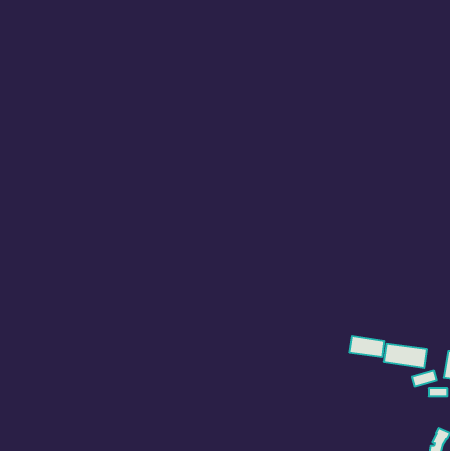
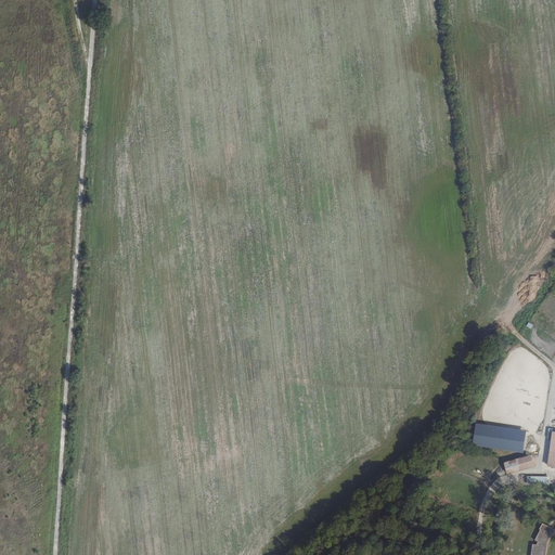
building: [350,336,384,357] -> none

